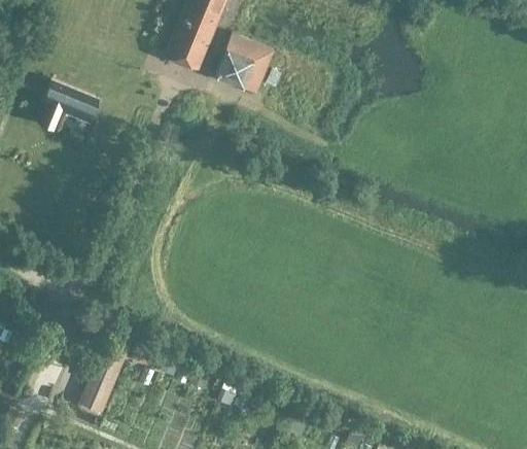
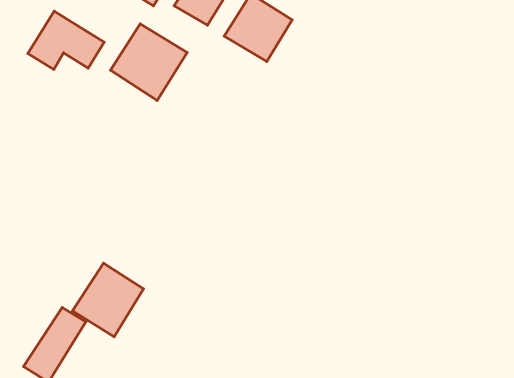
building: none -> [110,24,187,101]
building: none -> [72,263,144,337]

